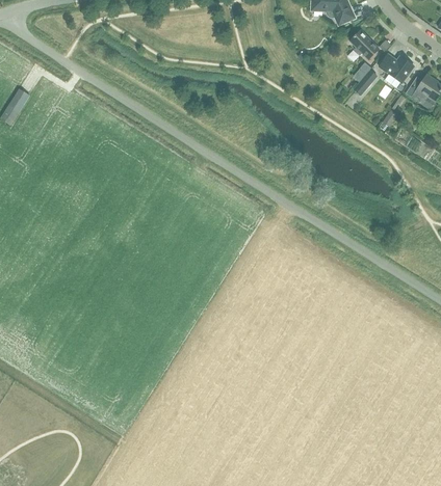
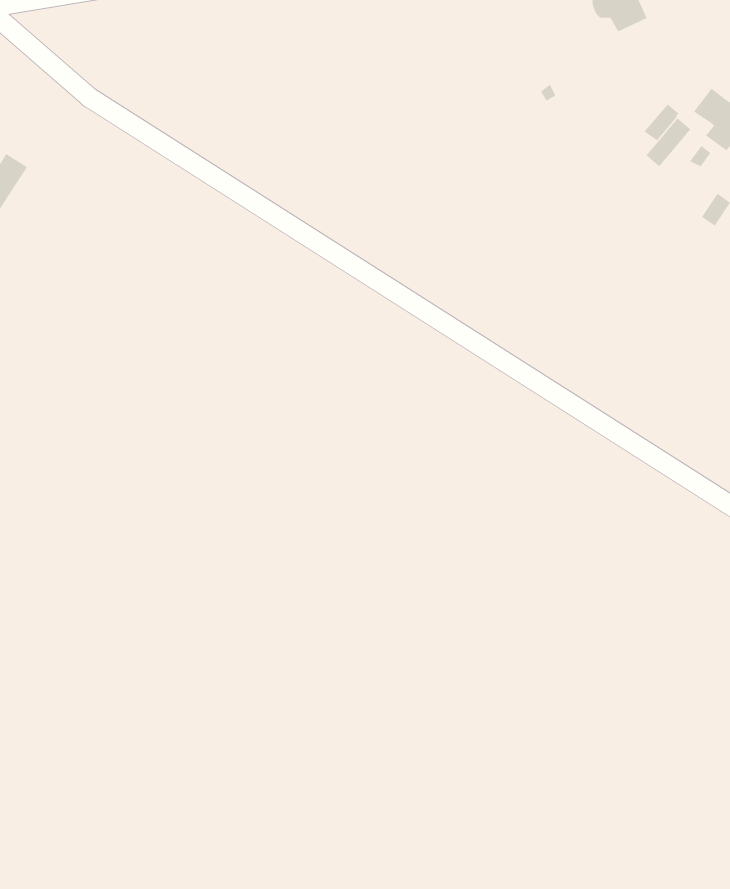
building: [349,30,380,60] -> none

